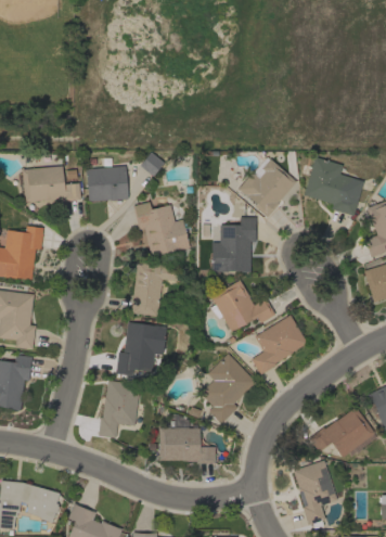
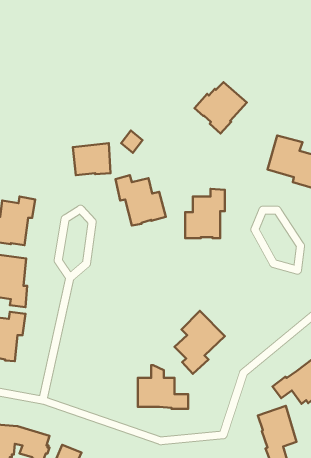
building: [237,159,296,217] -> [194,82,247,133]
building: [22,166,80,202] -> none
building: [131,263,183,317] -> none
building: [209,280,274,333] -> none
building: [250,315,307,375] -> none
building: [116,322,166,375] -> none
building: [98,381,140,438] -> none

